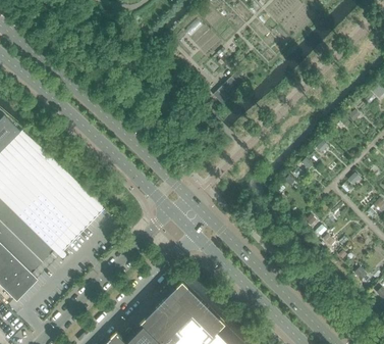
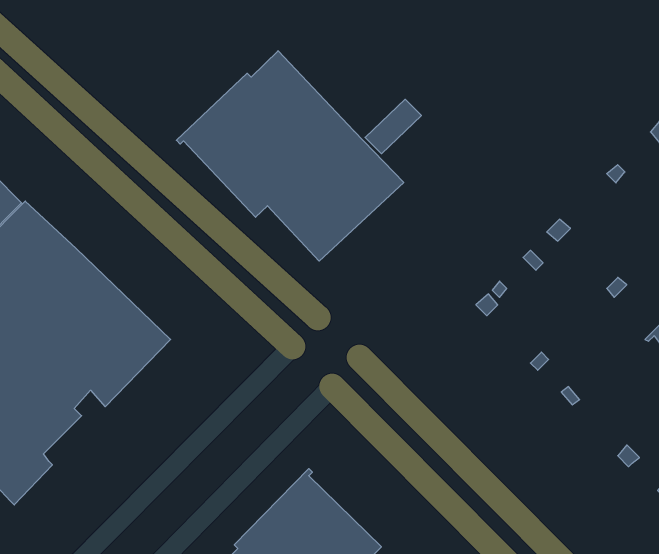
building: none -> [176,51,404,261]

